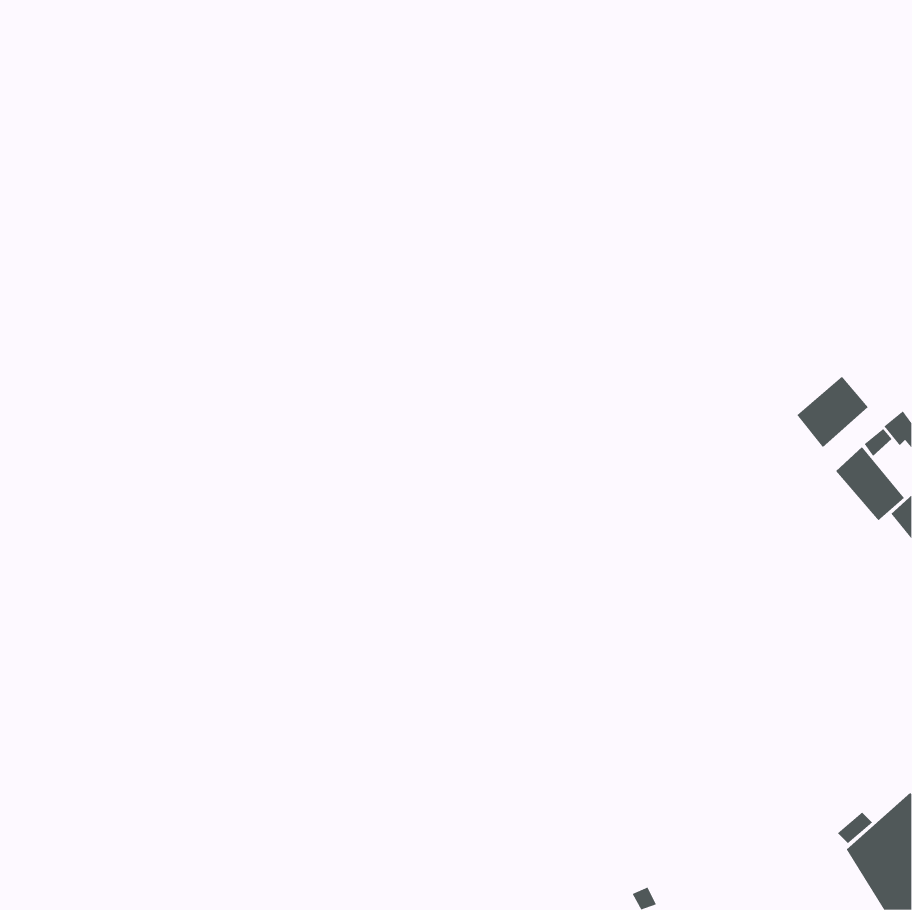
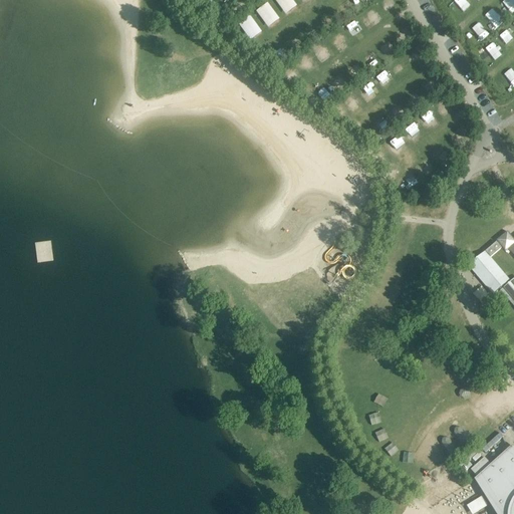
building: [796,376,868,448] -> none

